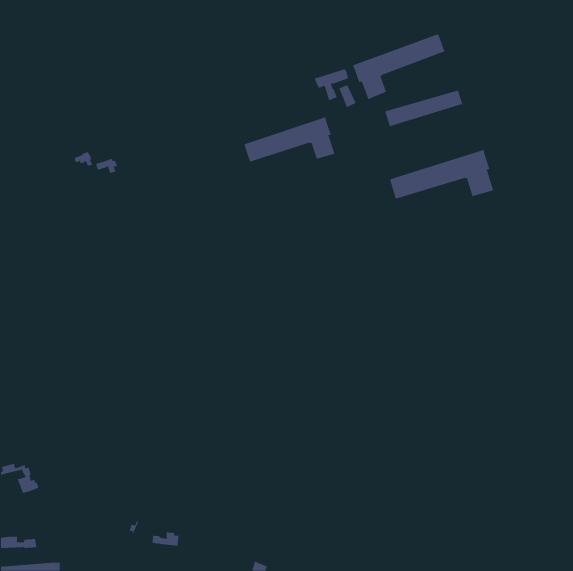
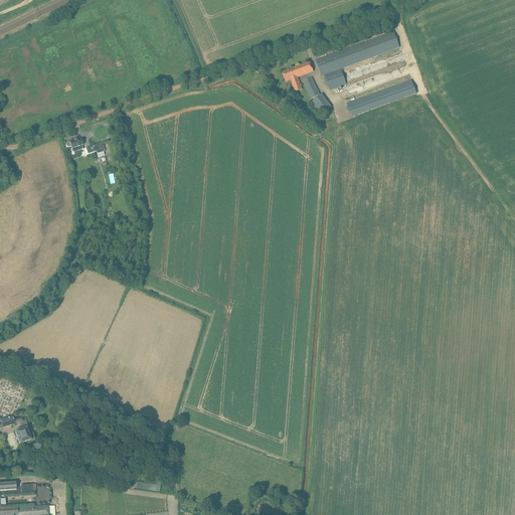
building: [244,117,335,162] -> none
building: [389,149,494,199] -> none

